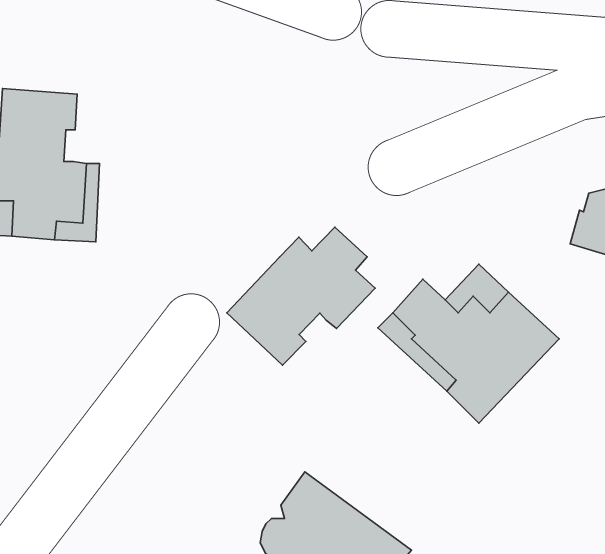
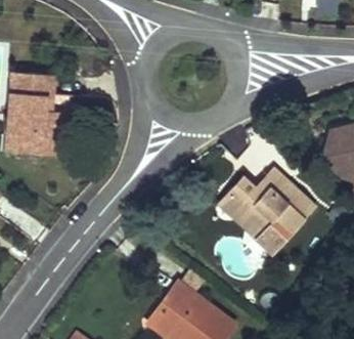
building: [227,227,375,365] -> none

